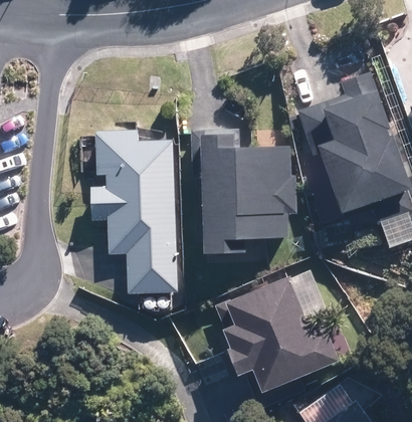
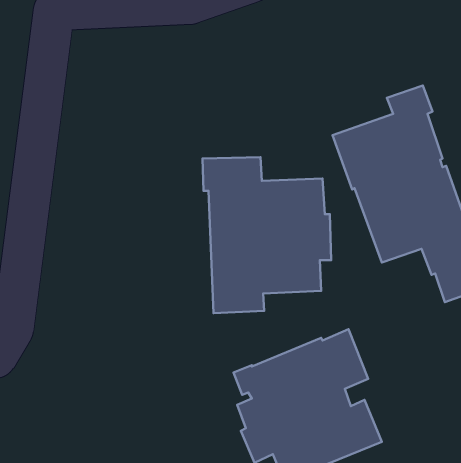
building: [91,131,177,293] -> none

